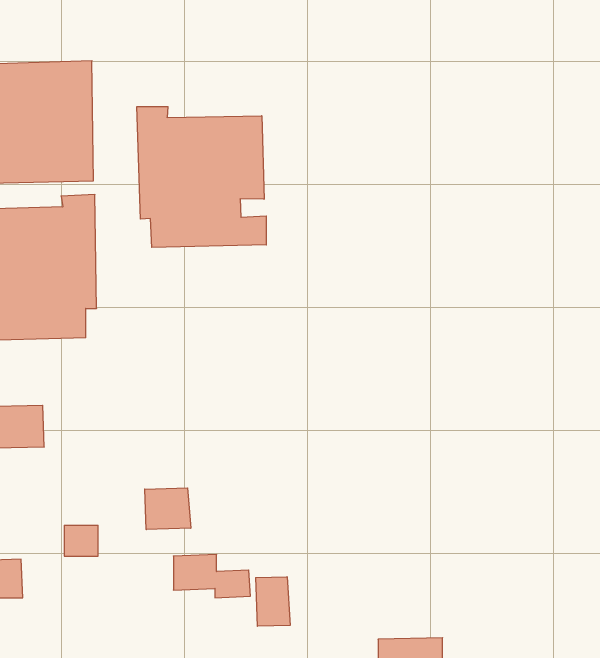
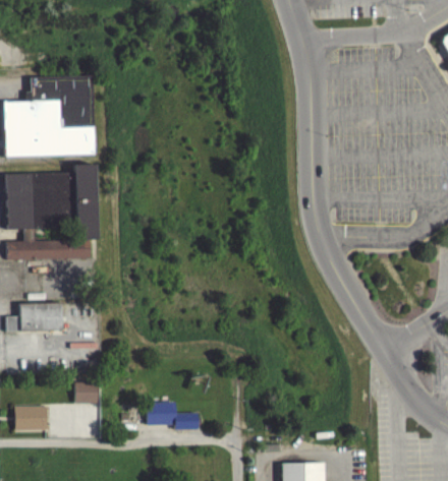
building: [137,107,266,247] -> none
building: [145,488,191,530] -> none
building: [256,577,290,626] -> none

